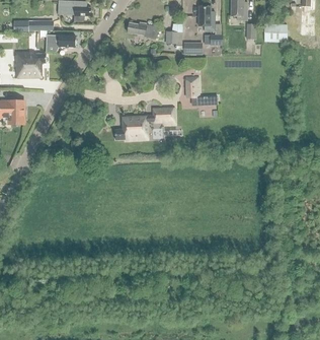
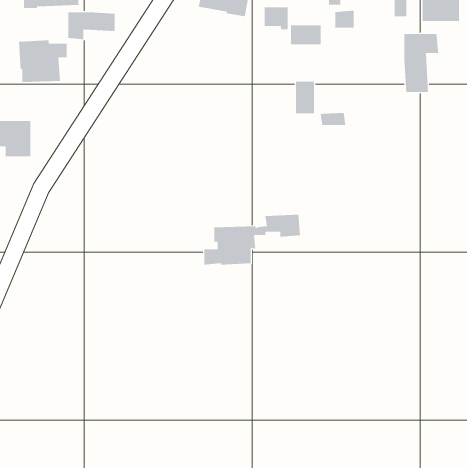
building: none -> [404,33,439,93]
building: [114,108,174,139] -> [204,214,301,265]

